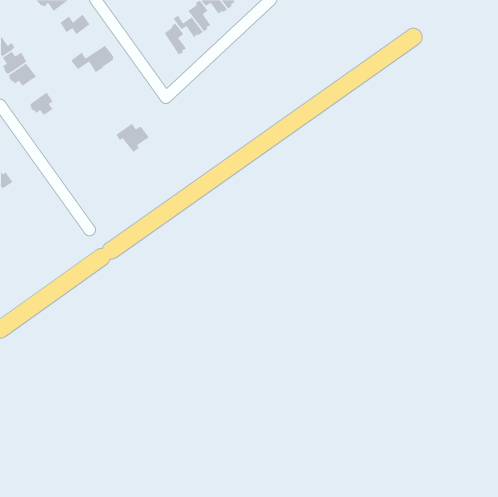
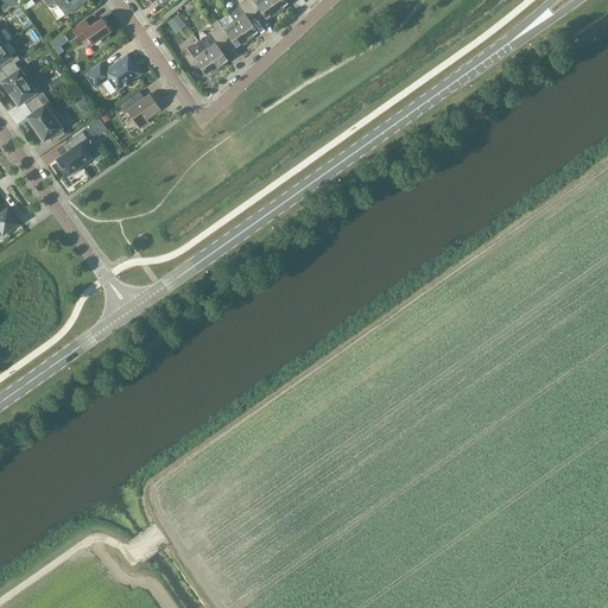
building: none -> [180,40,217,74]
building: none -> [27,94,57,127]
building: none -> [57,129,91,172]
building: [116,123,150,153] -> [119,90,160,127]

